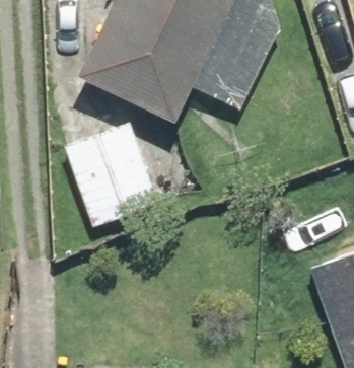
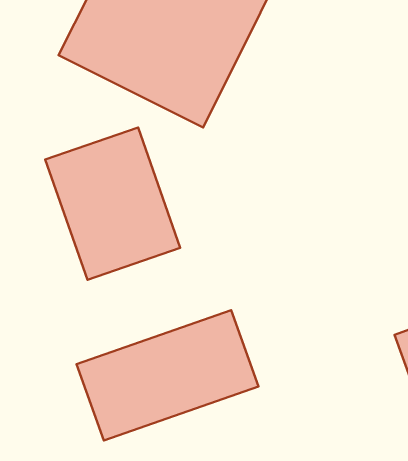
building: none -> [77,310,258,441]

